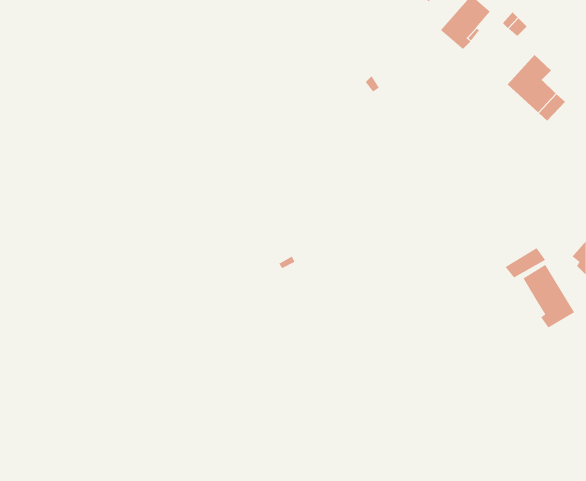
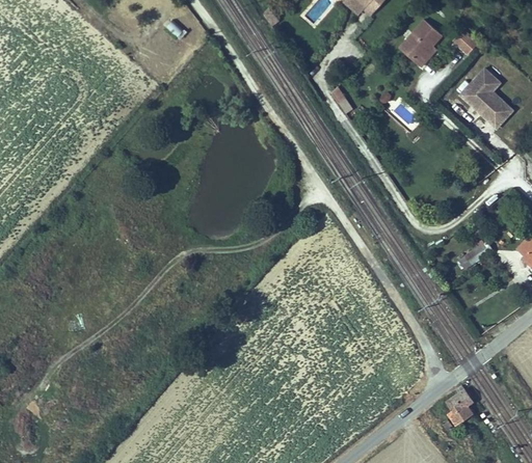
building: [522,264,575,329] -> none
building: none -> [446,390,476,428]

